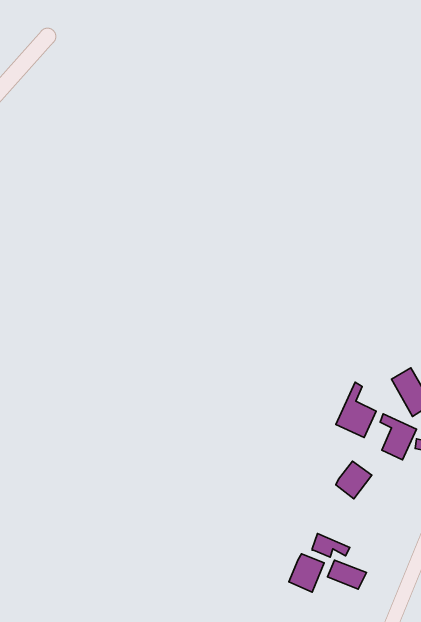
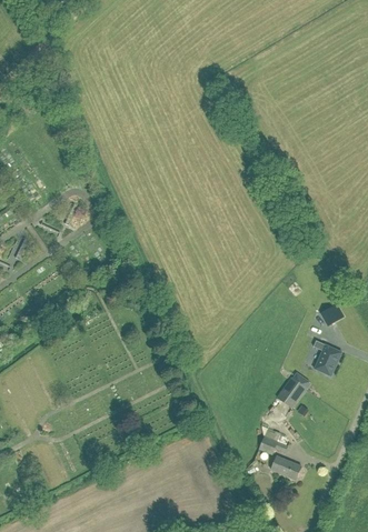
building: [336,382,376,438] -> none
building: [289,554,324,592] -> none

